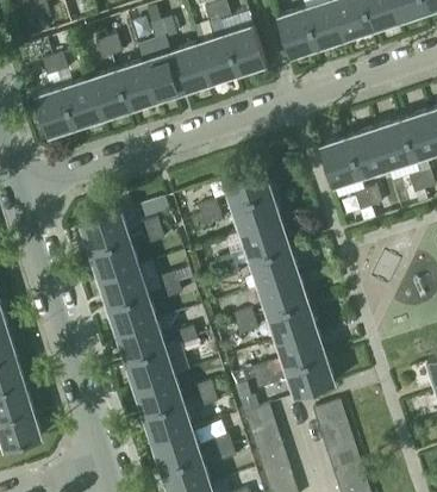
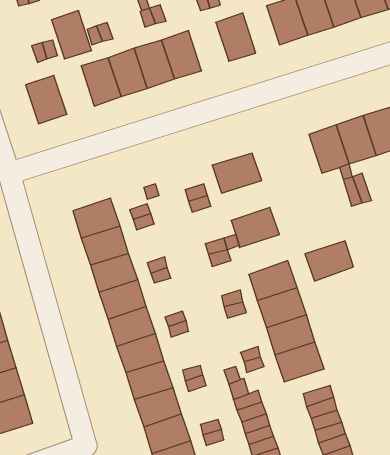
building: [198,36,238,85] -> none
building: [62,80,102,129] -> [51,11,92,59]
building: [231,195,280,236] -> none
building: [249,250,298,291] -> [305,241,353,281]

